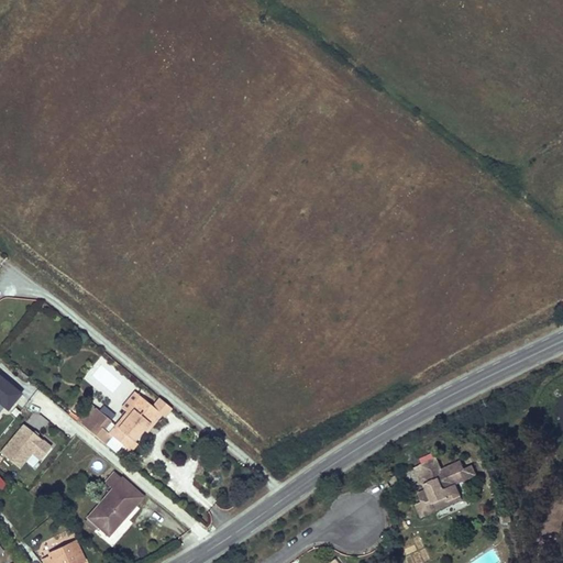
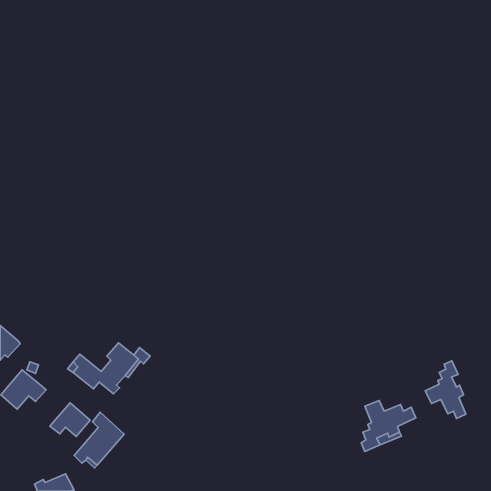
building: none -> [425,361,466,418]
building: none -> [50,403,90,437]

